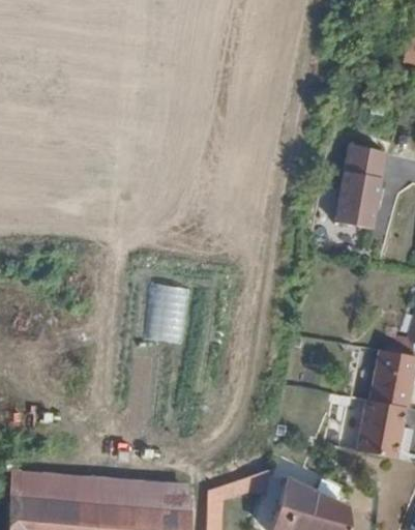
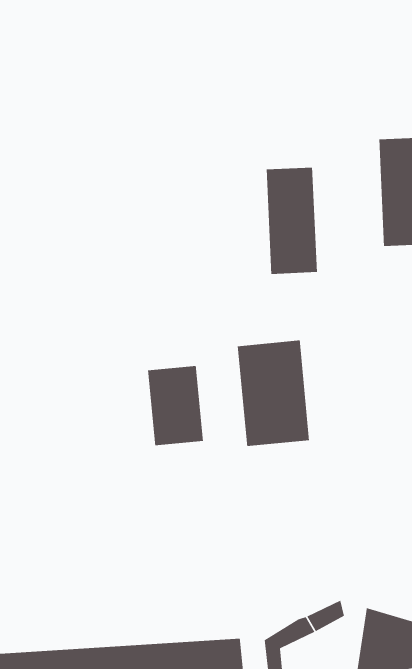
building: none -> [266,167,318,275]
building: none -> [237,340,310,447]

